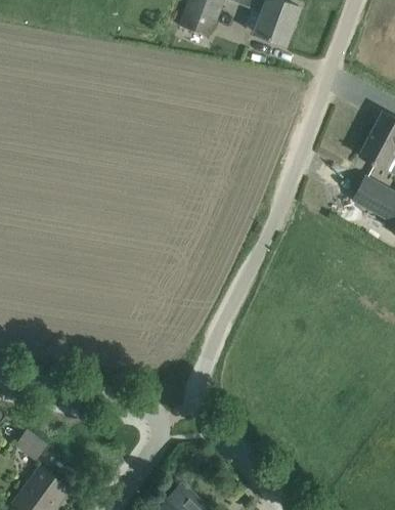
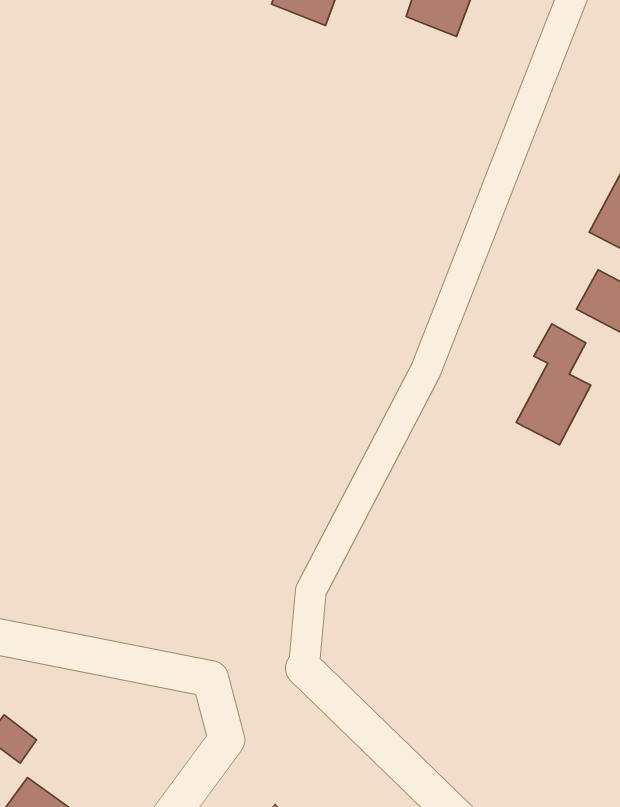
building: none -> [516,324,591,445]

